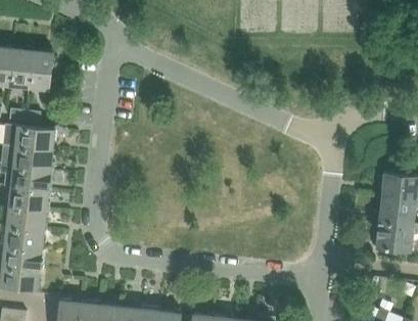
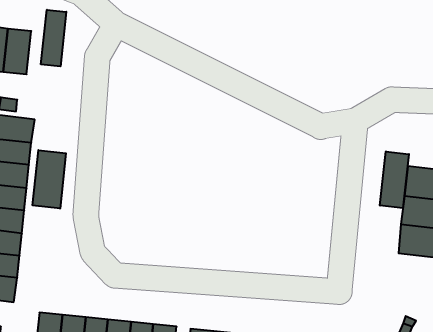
building: none -> [41,10,66,66]
building: none -> [33,150,66,209]
building: none -> [380,151,409,208]

